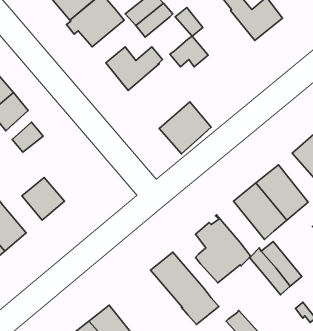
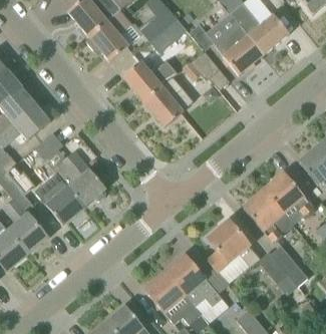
building: none -> [216,27,263,75]
building: [159,102,211,154] -> [143,77,193,126]
building: none -> [52,150,106,207]
building: none -> [144,272,200,324]

